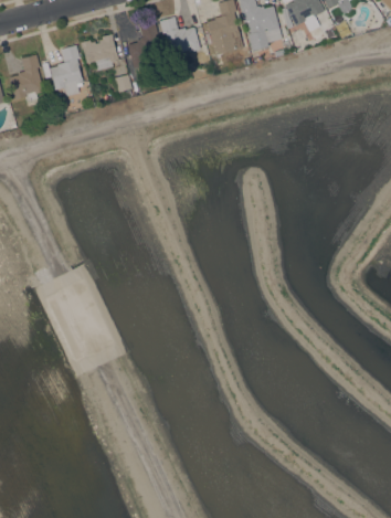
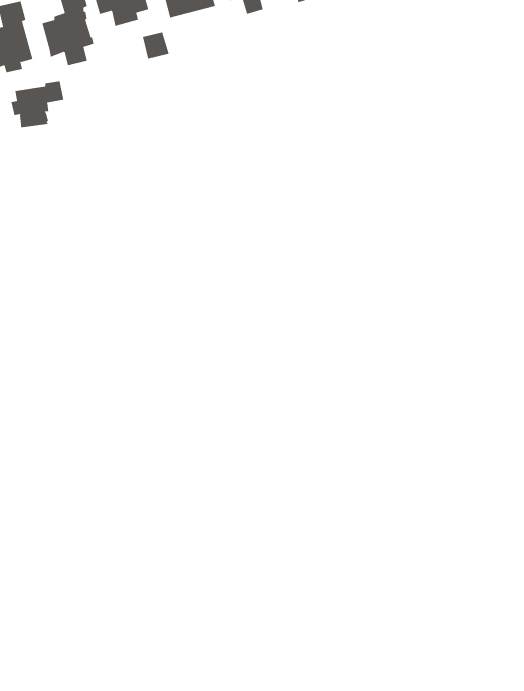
building: none -> [11,80,64,128]

